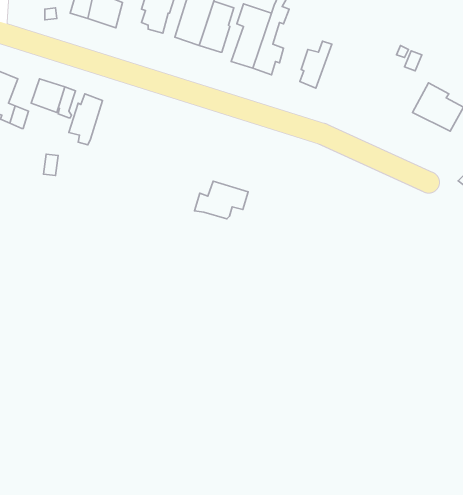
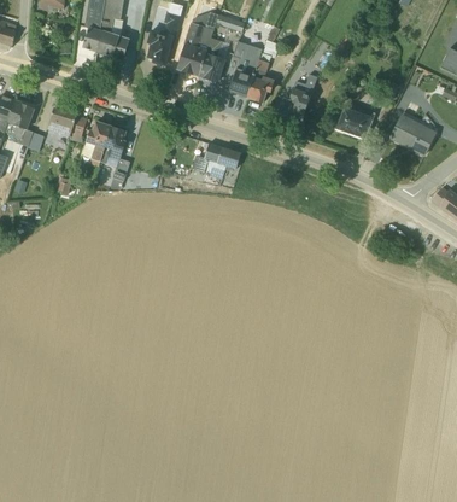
building: none -> [338,104,371,136]
building: none -> [100,127,129,177]
building: [195,181,248,219] -> [192,144,240,177]

